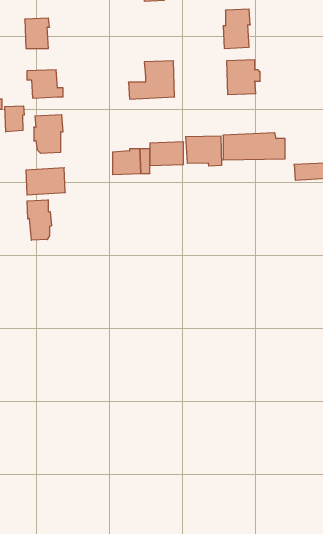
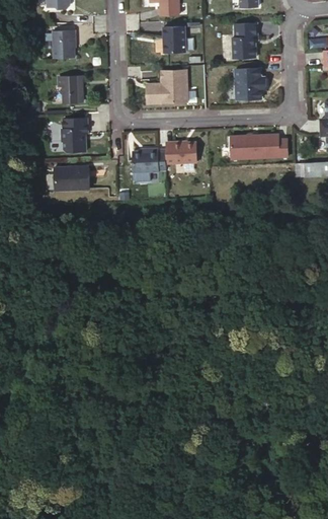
building: none -> [163,27,185,53]
building: [5,106,24,132] -> none
building: [186,136,221,166] -> none
building: [27,200,51,240] -> none

